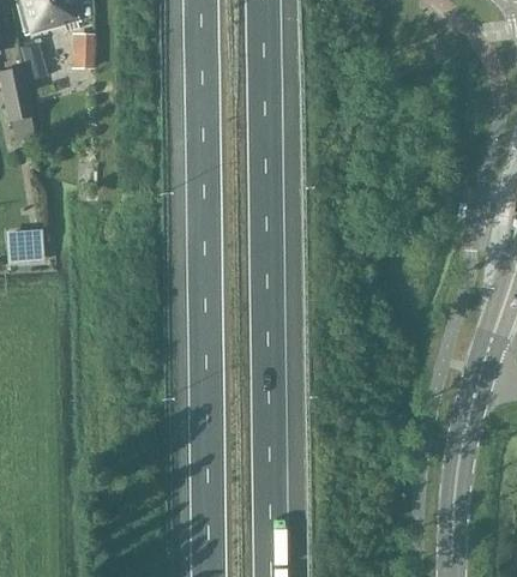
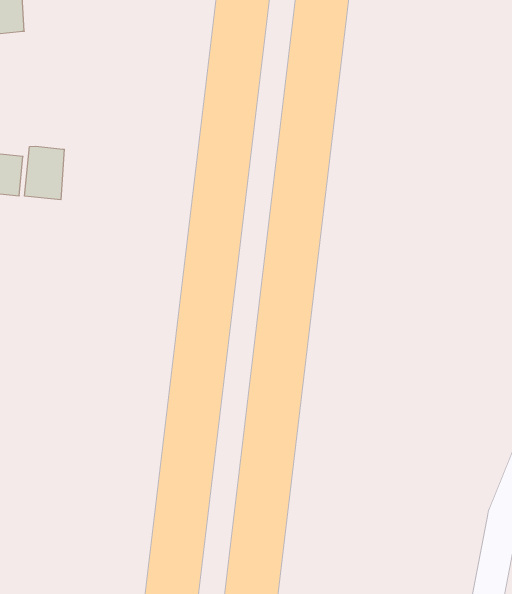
building: none -> [25,146,64,200]

